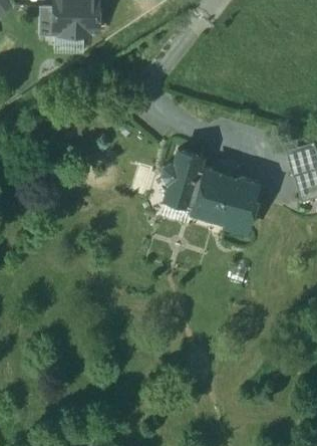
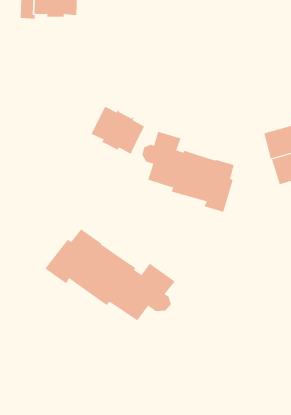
building: none -> [91,106,145,154]
building: none -> [44,228,175,321]

